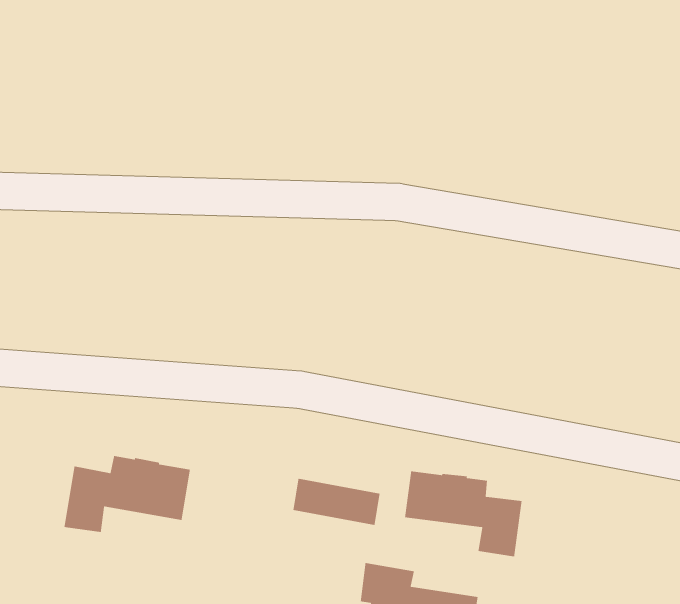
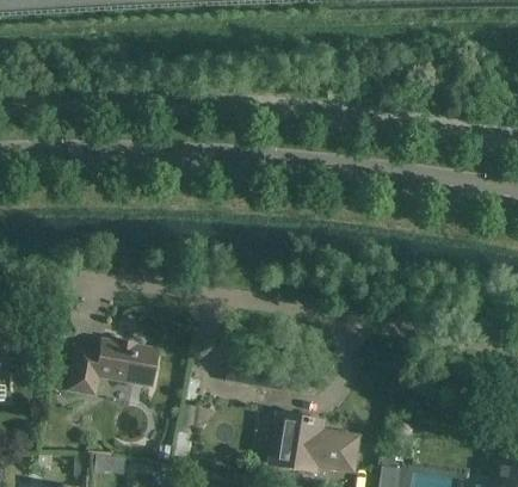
building: [404,470,523,558] -> none

